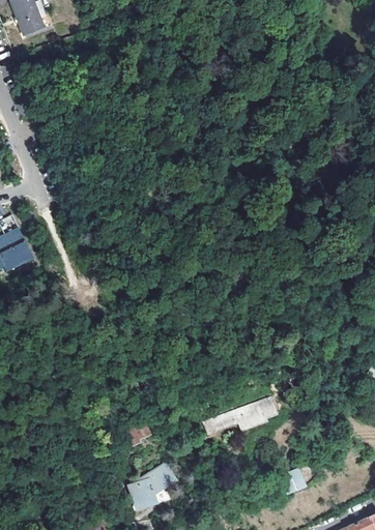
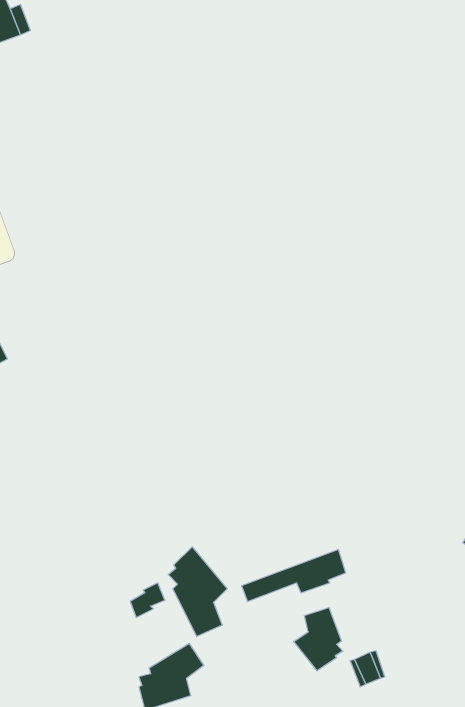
building: none -> [168,547,227,637]
building: none -> [294,607,343,671]

